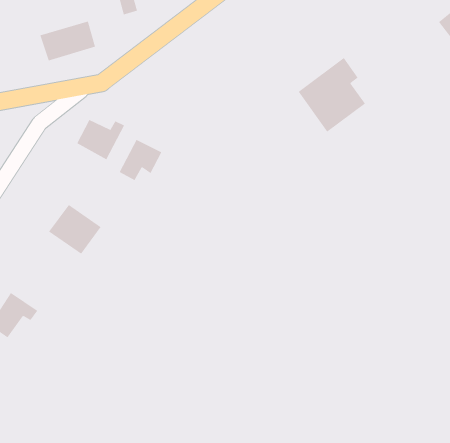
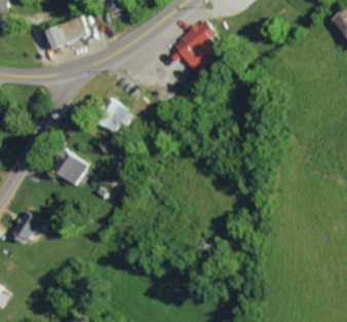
building: [298,57,366,132] -> [170,20,219,73]
building: [77,119,125,160] -> none

